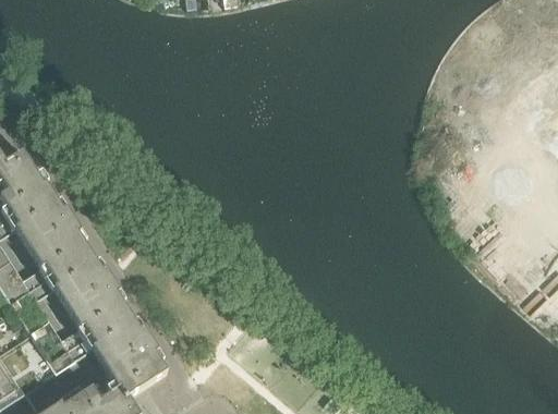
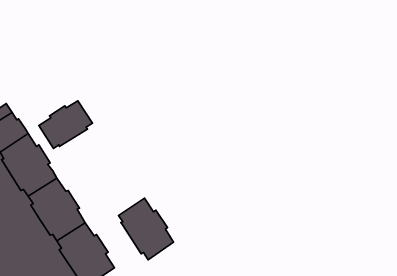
building: none -> [39,101,93,148]
building: none -> [118,198,174,260]

